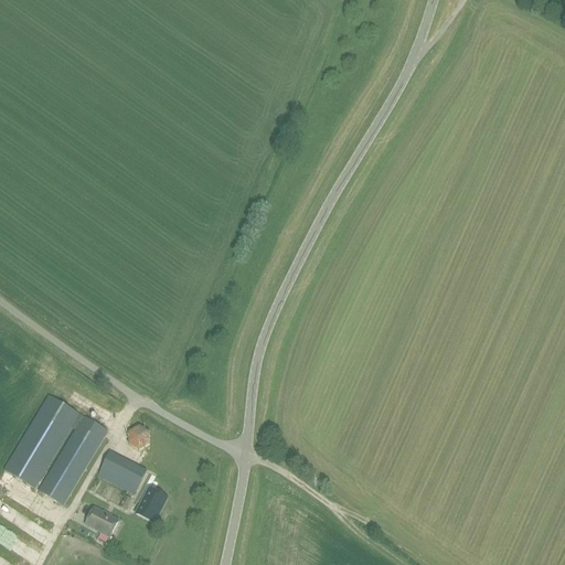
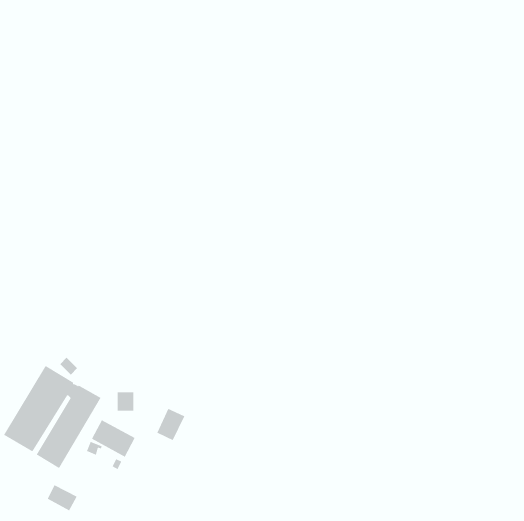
building: [137,484,168,520] -> [157,408,185,441]
building: [86,507,119,535] -> [47,484,78,511]

